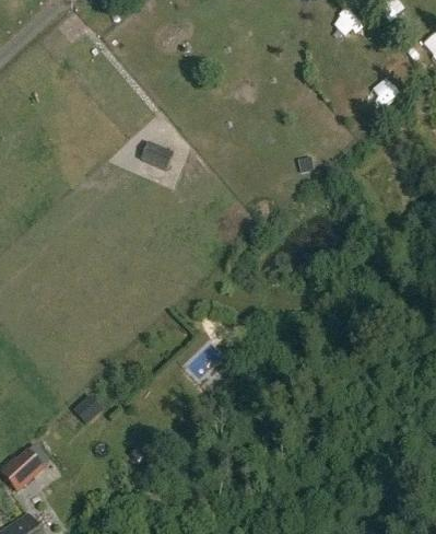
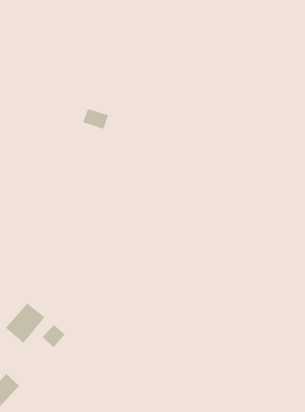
building: none -> [5,303,46,344]

